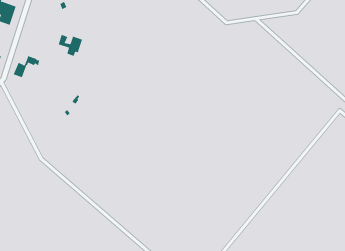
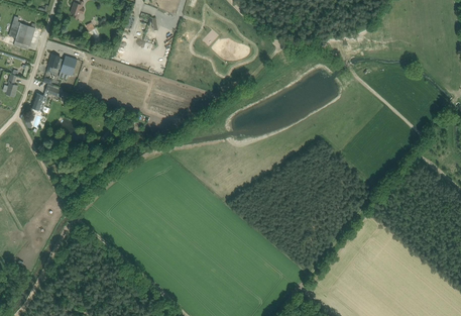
building: [58,34,83,57] -> [48,54,78,80]

